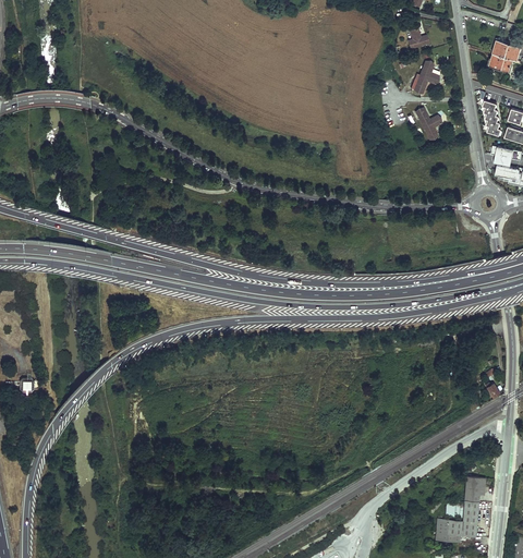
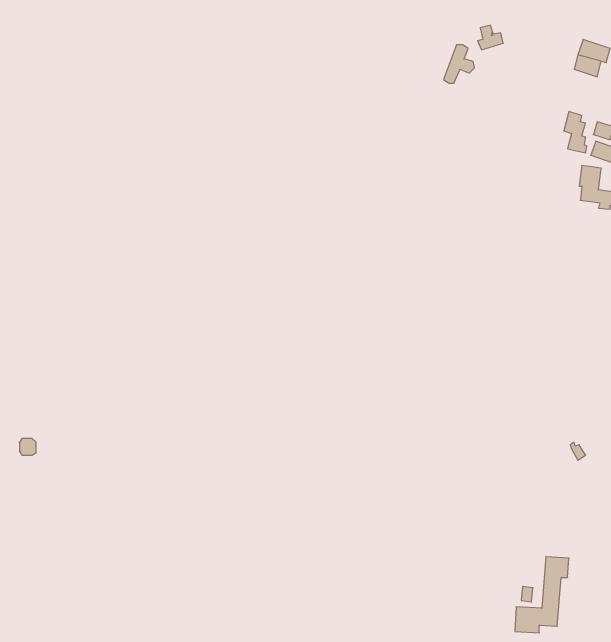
building: [414,60,440,93] -> [444,45,474,83]
building: [415,107,441,140] -> none

